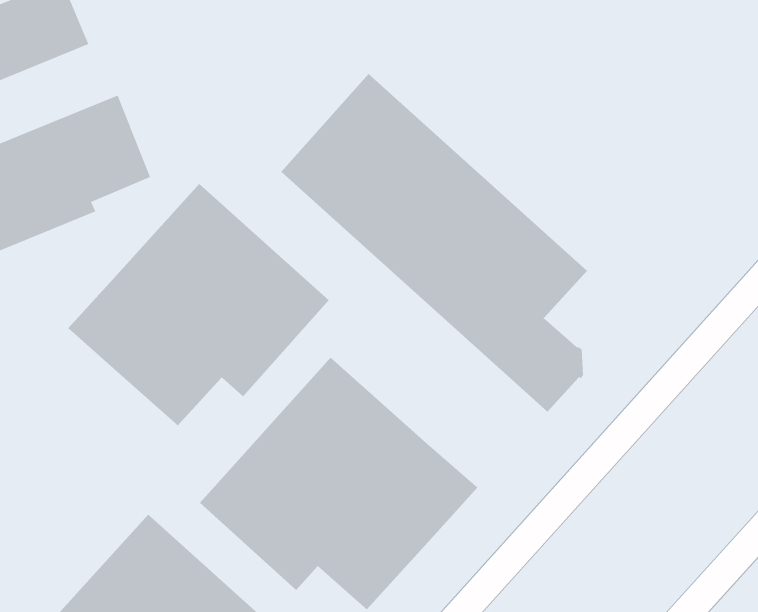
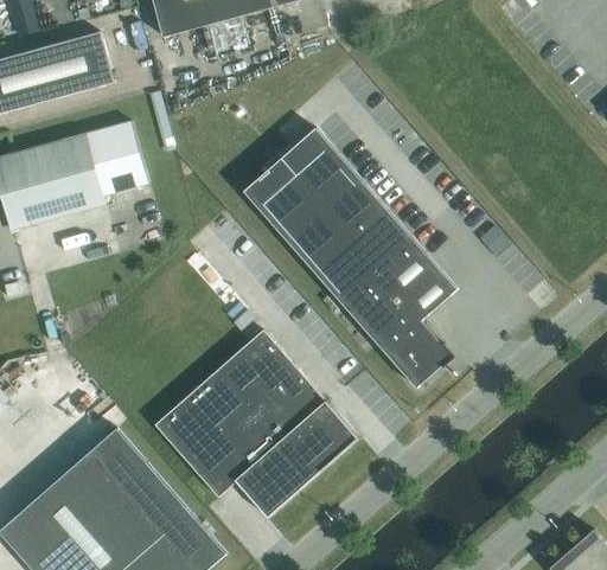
building: [67,183,330,426] -> none

